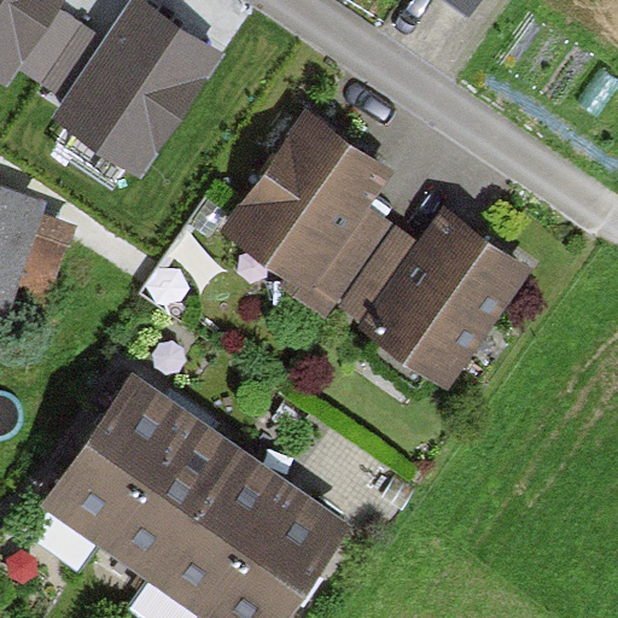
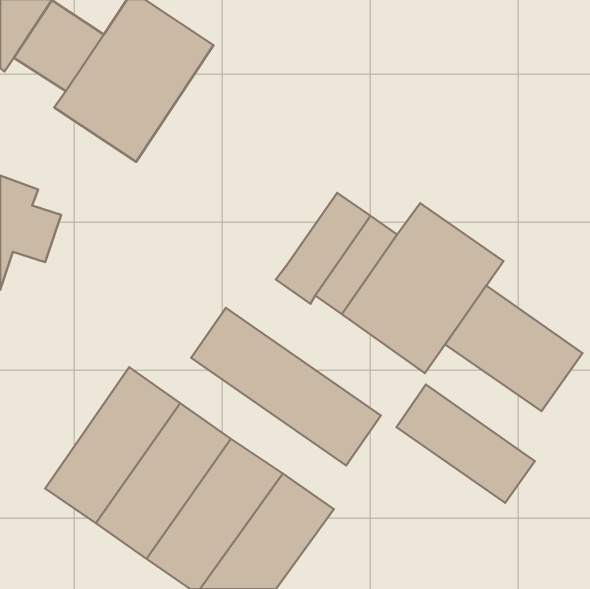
building: [227,118,375,278] -> none
building: none -> [445,285,583,411]
building: none -> [191,308,381,465]
building: none -> [396,385,535,503]

